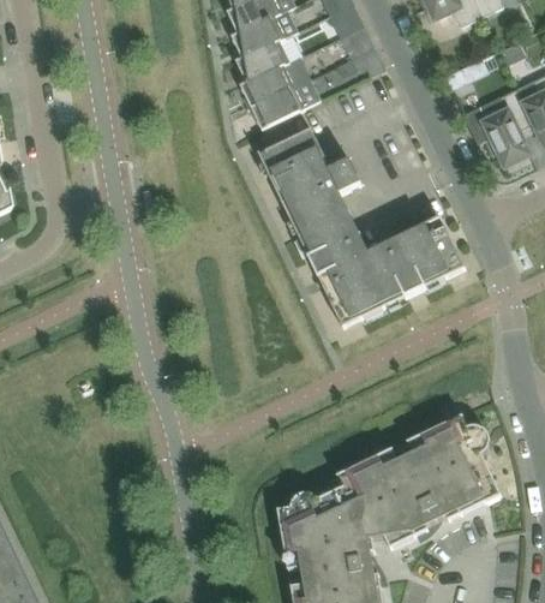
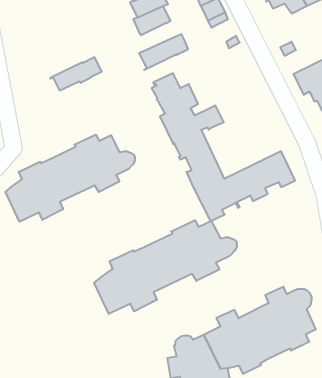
building: [236,37,292,79] -> none
building: [248,76,323,124] -> [50,57,102,90]
building: none -> [5,135,135,222]
building: none -> [94,220,237,314]

